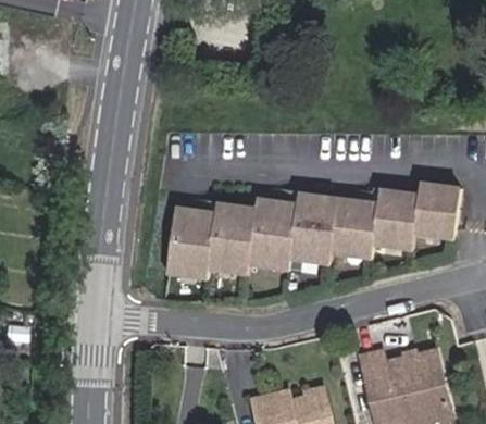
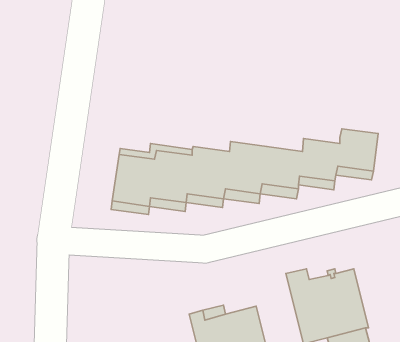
building: [252,189,414,211] -> none

